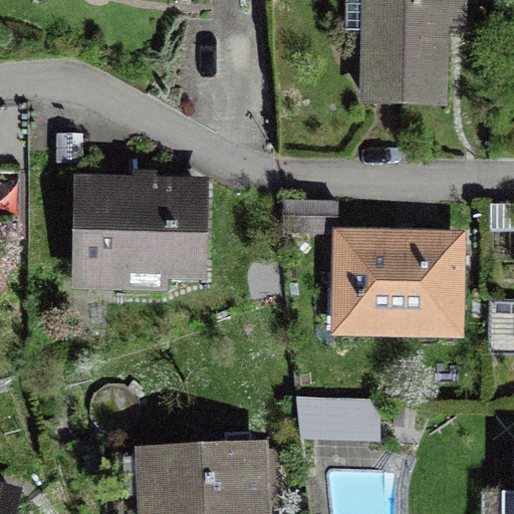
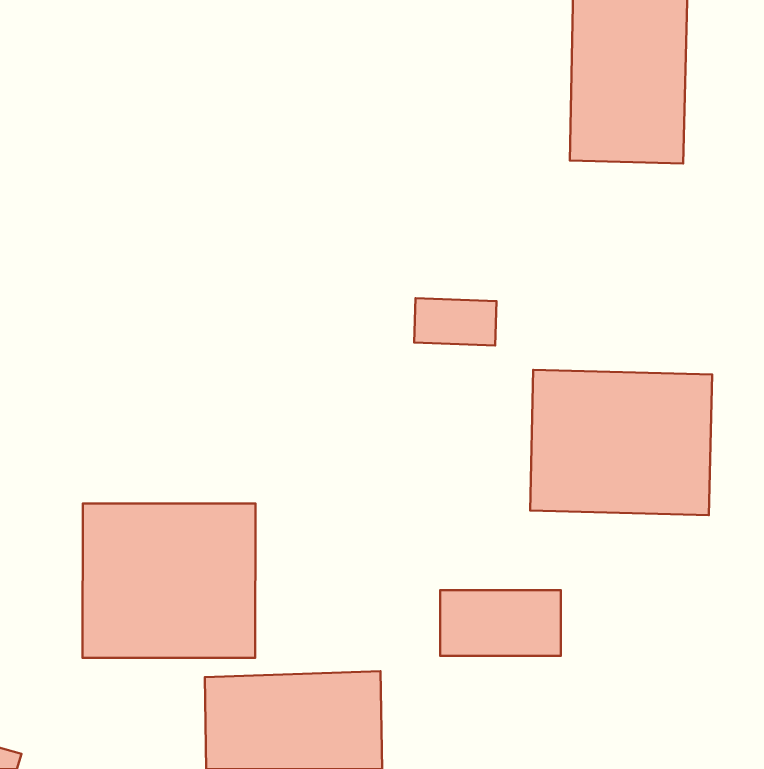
building: [71,180,192,273] -> none
building: none -> [82,503,256,658]

